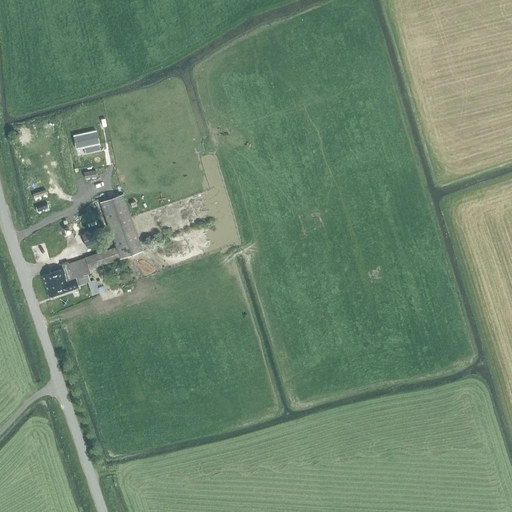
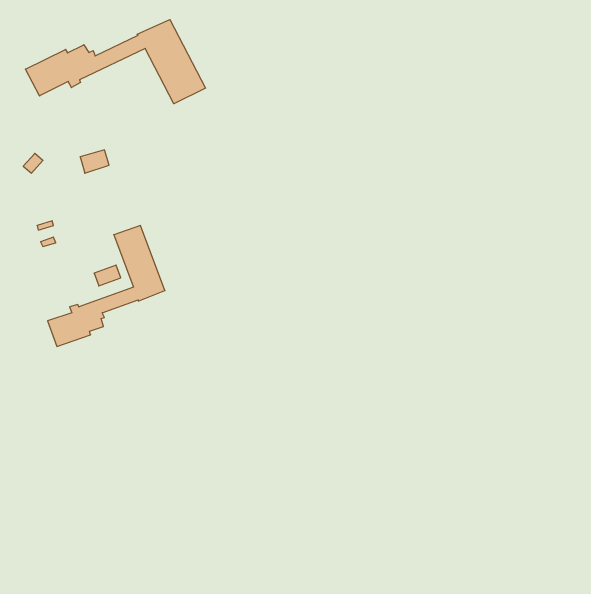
building: none -> [25,20,206,104]

